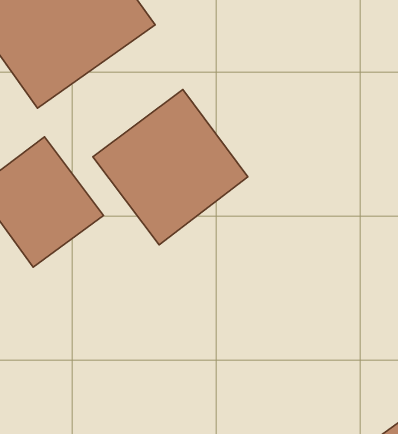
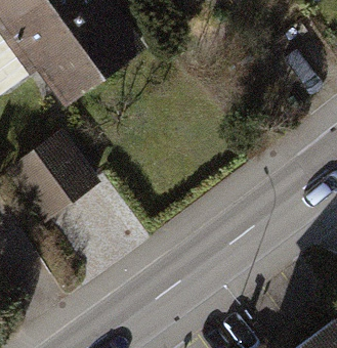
building: [93,90,248,245] -> none

